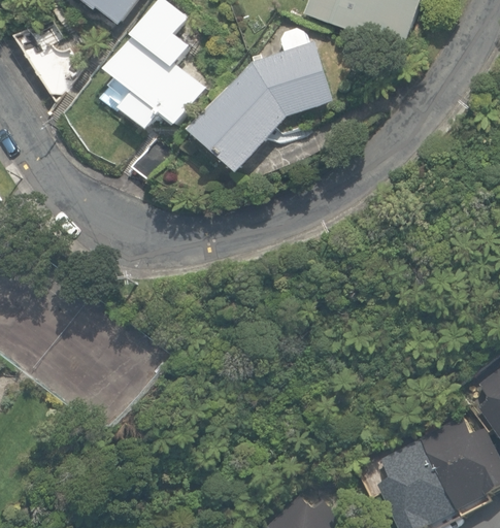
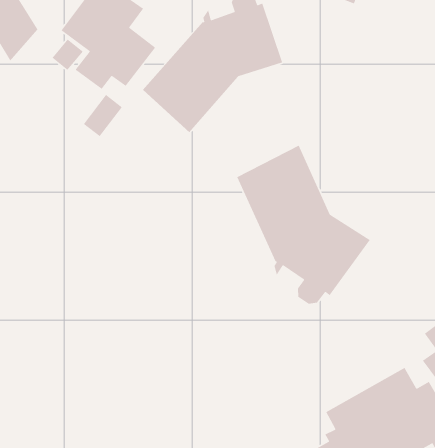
building: none -> [236,144,371,304]

